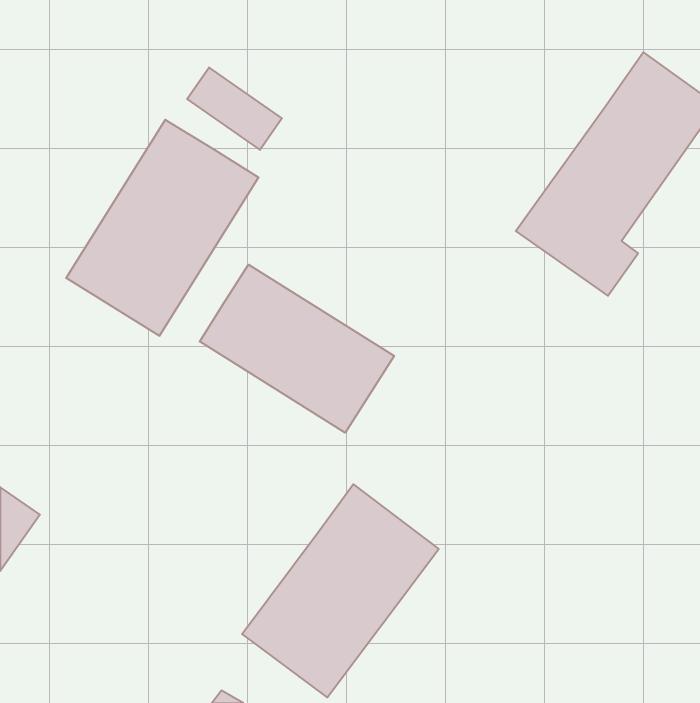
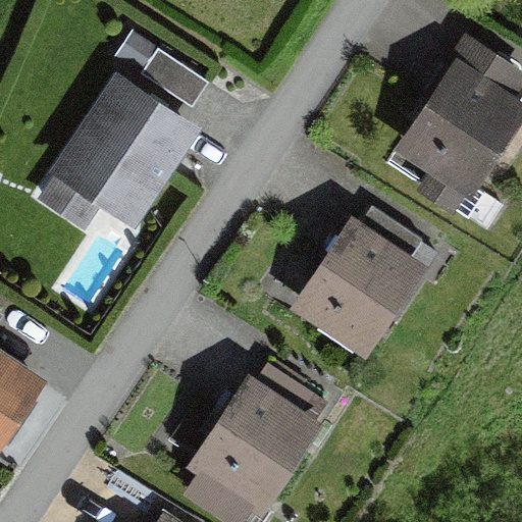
building: [200,265,394,433] -> none
building: none -> [293,197,439,357]

